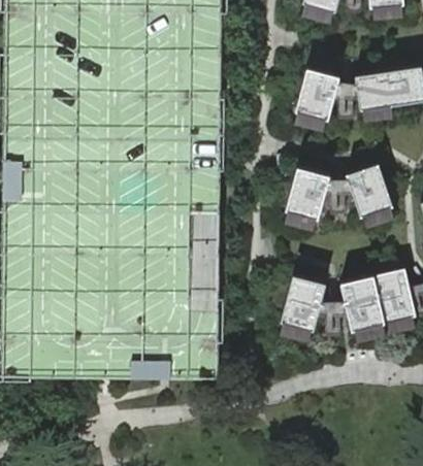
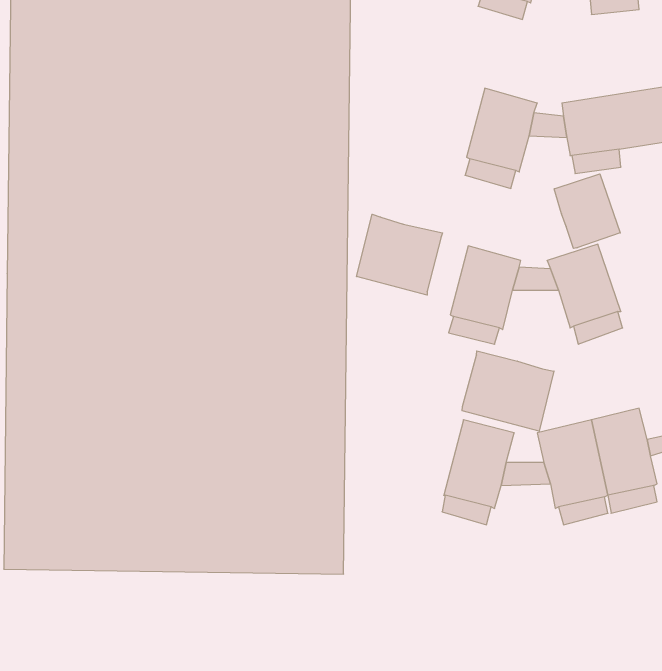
building: none -> [554,174,620,248]
building: none -> [357,214,443,295]
building: none -> [462,351,554,431]

